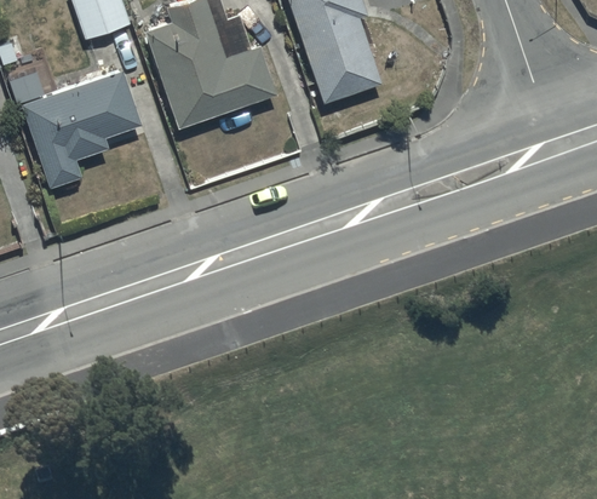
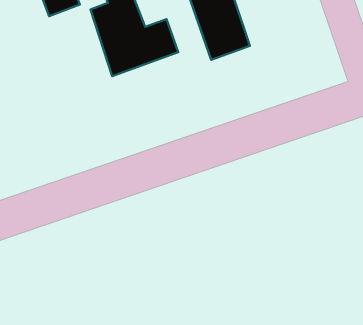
building: [21,69,140,188] -> none

